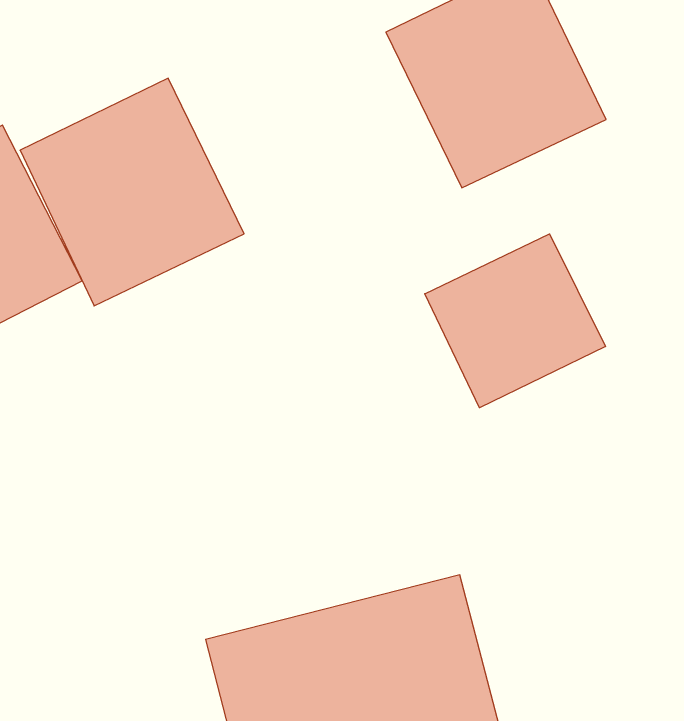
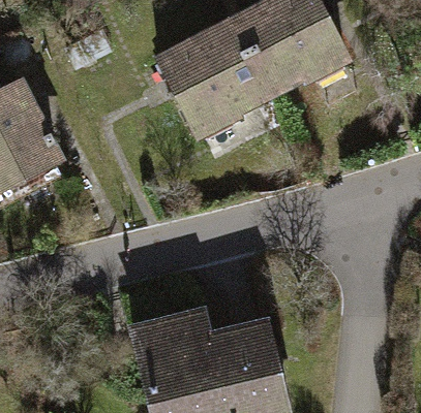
building: [20,78,244,306] -> [147,19,269,142]
building: [425,234,605,408] -> none

